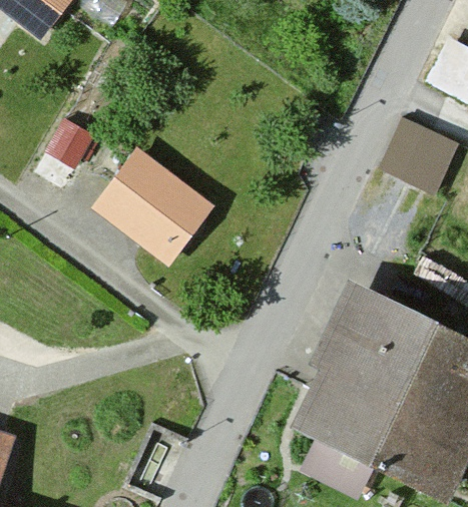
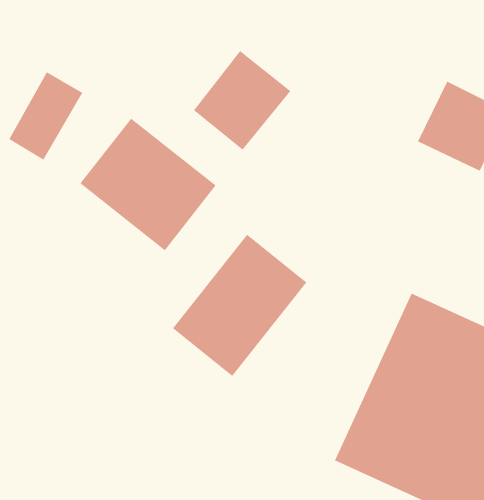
building: none -> [193,50,291,150]
building: none -> [172,234,307,377]

